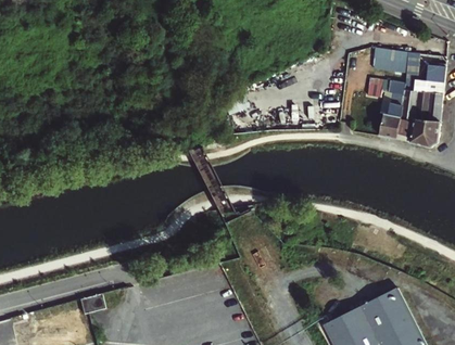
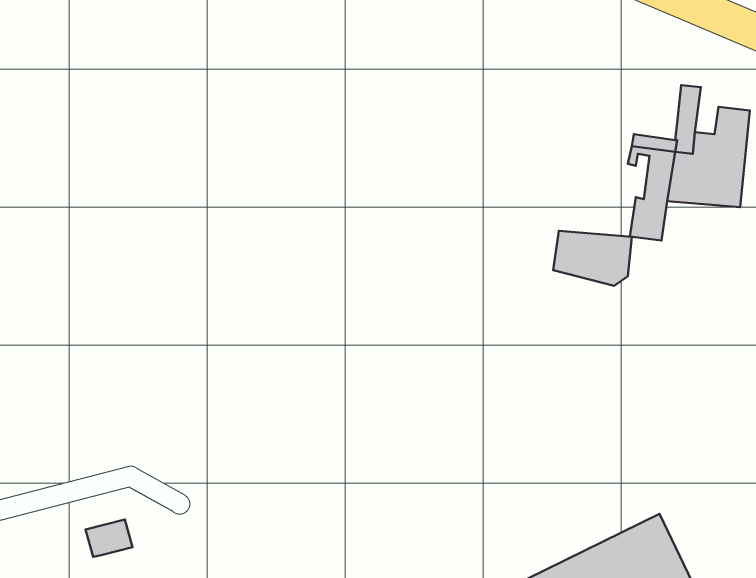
building: [372,48,408,74] -> none
building: [397,117,441,148] -> [553,231,632,286]

